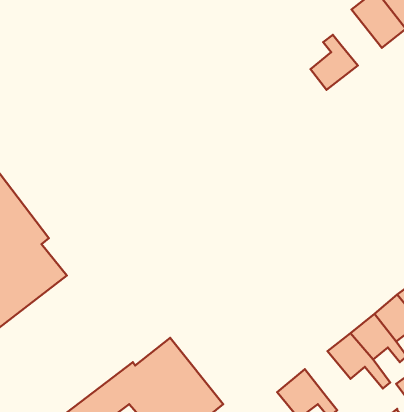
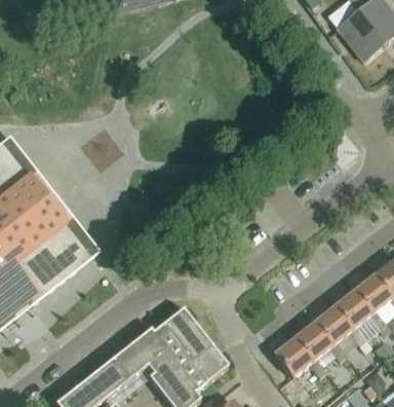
building: [311,35,358,90] -> none
building: none -> [298,321,346,362]

